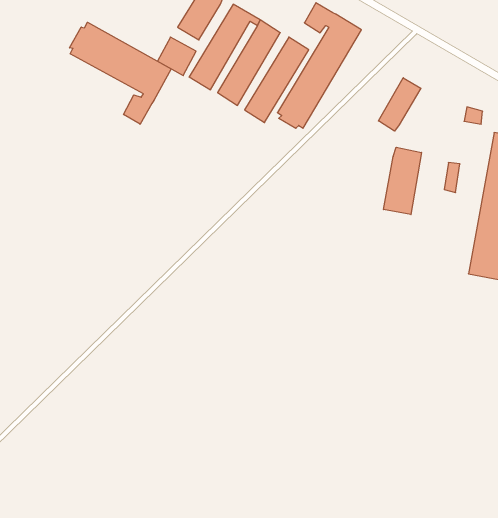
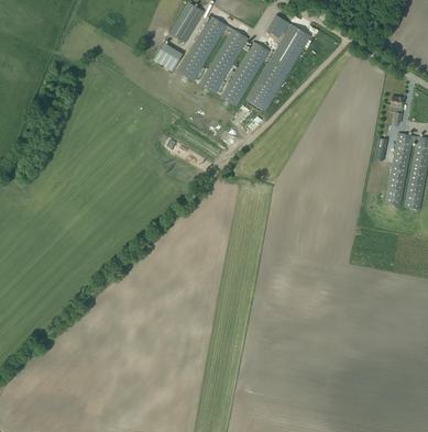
building: [70,22,171,124] -> none
building: [378,78,421,131] -> none
building: [384,147,421,215] -> none

